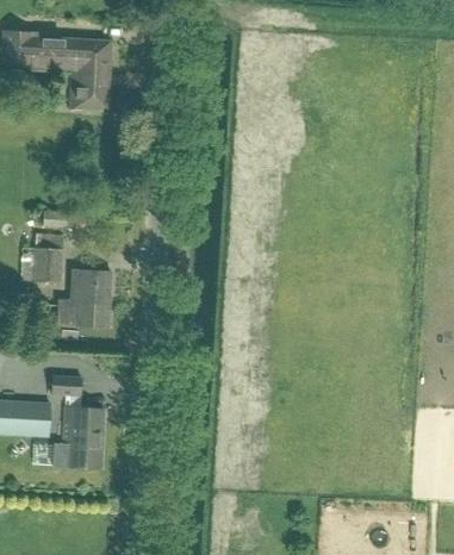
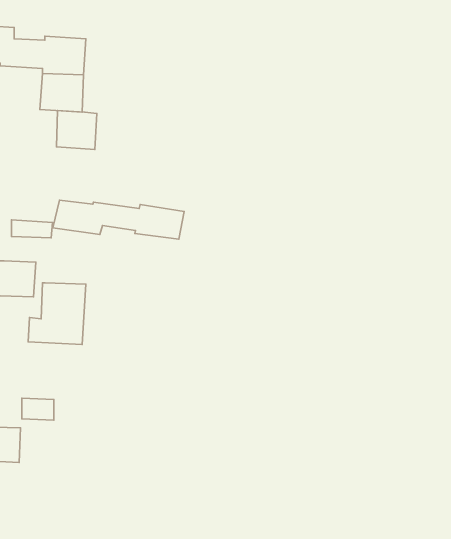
building: none -> [57,111,97,150]
building: none -> [53,200,184,239]
building: [52,407,104,469] -> none

